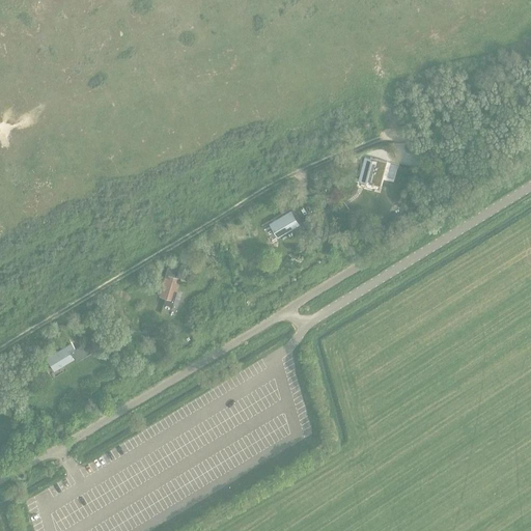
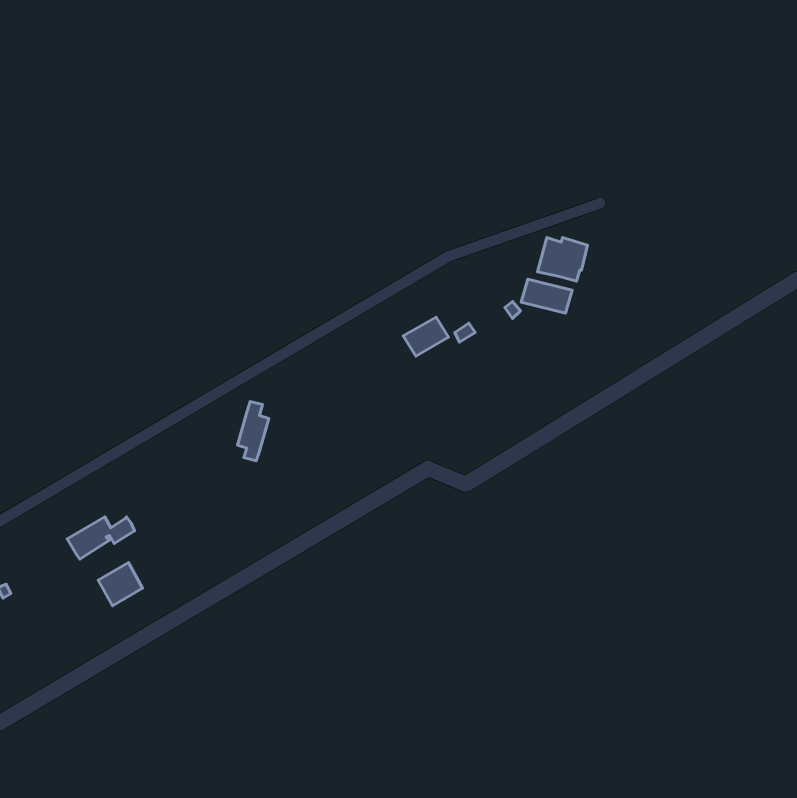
building: none -> [521,279,572,313]
building: none -> [98,562,143,606]

